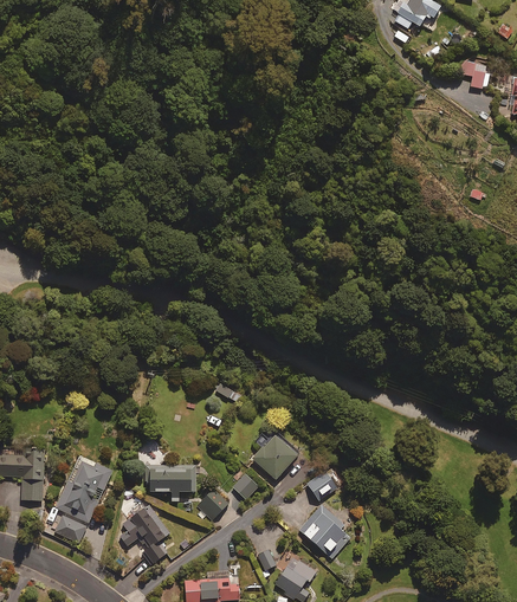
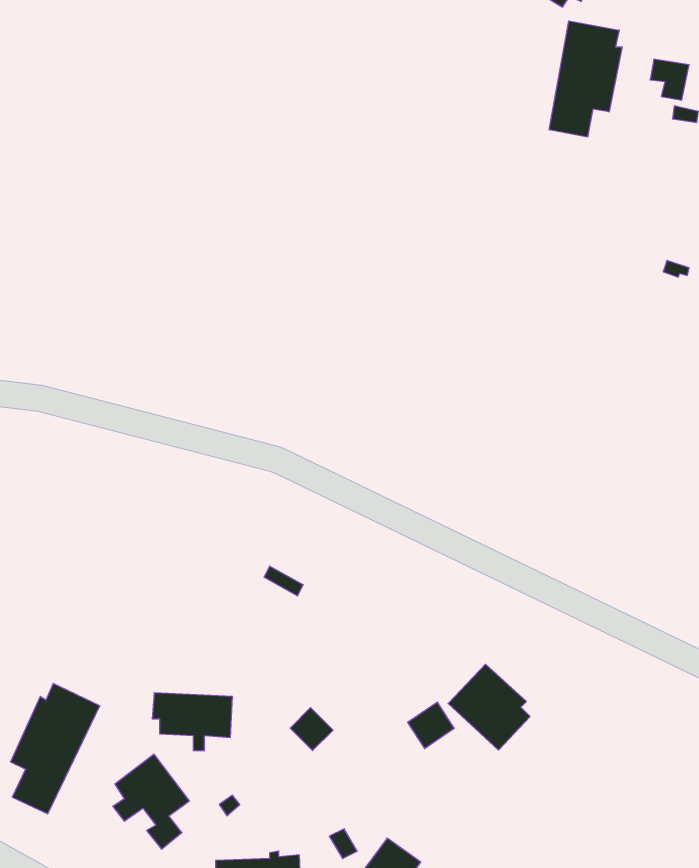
building: none -> [549,21,622,137]
building: [252,431,300,478] -> none
building: [196,487,228,524] -> none
building: [298,505,350,559] -> [448,664,530,750]

